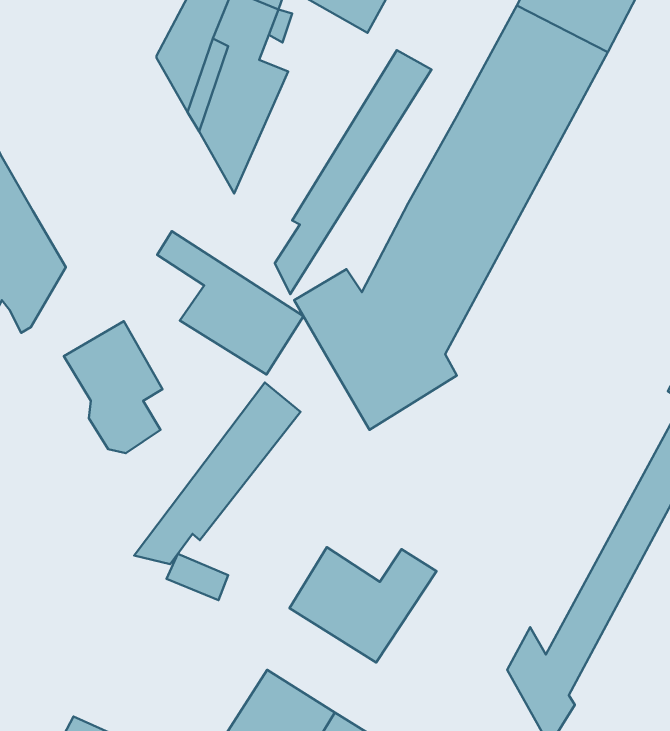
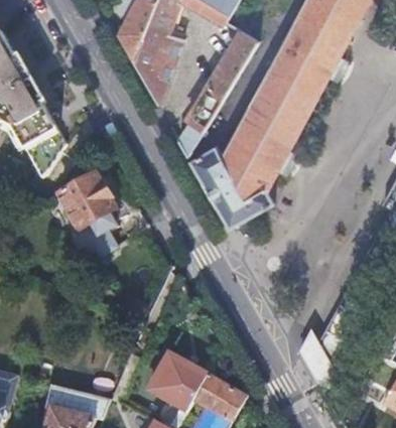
building: [157,231,303,375] -> none
building: [134,383,300,564] -> none
building: [289,547,437,663] -> none

